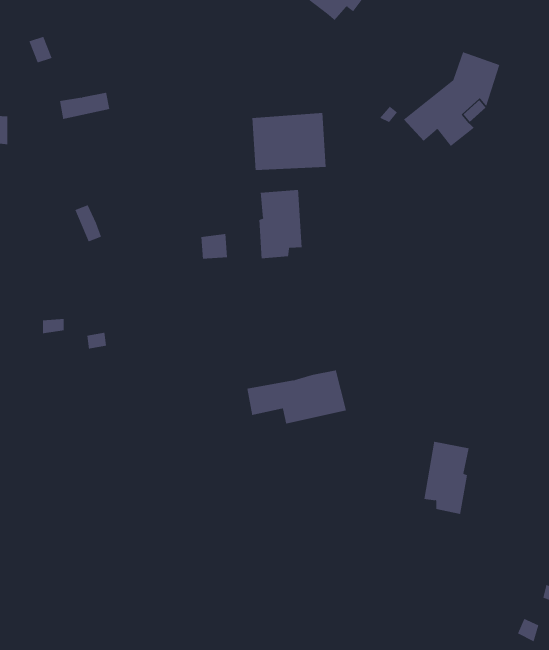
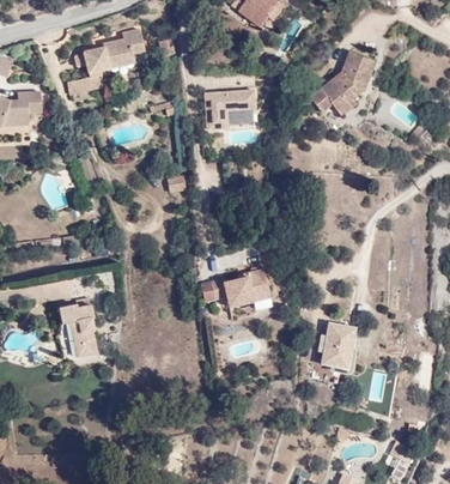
building: none -> [75,25,147,72]
building: [259,189,302,259] -> none
building: none -> [60,304,99,357]

